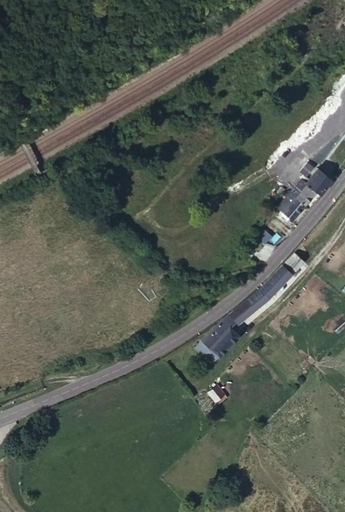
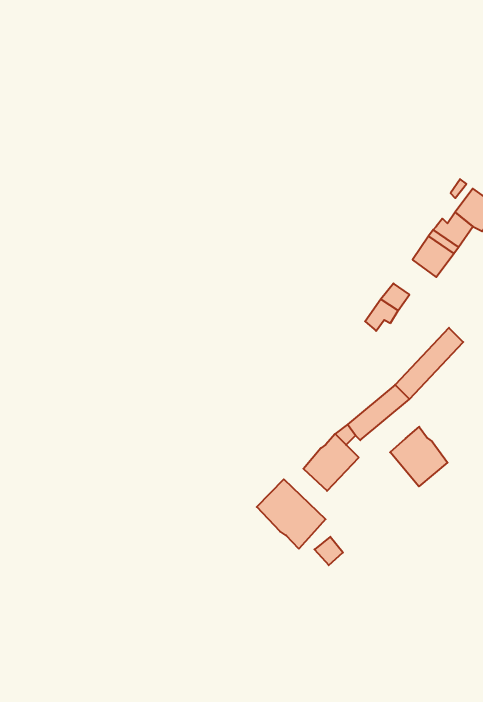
building: none -> [390,427,448,486]
building: none -> [257,479,326,549]

